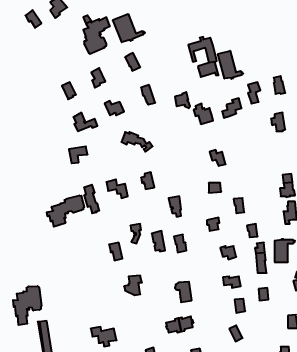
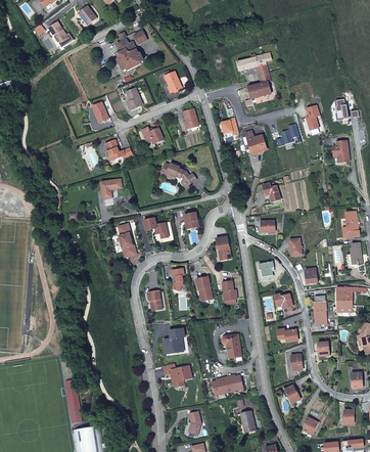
building: [113,14,145,42] -> none
building: [218,51,243,79] -> none
building: [47,195,84,227] -> none
building: [13,286,41,325] -> none
building: [91,327,117,346] -> [161,363,191,386]

